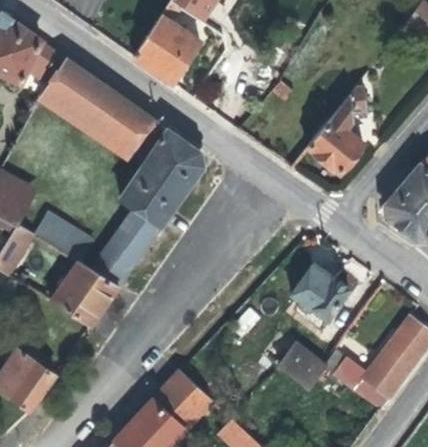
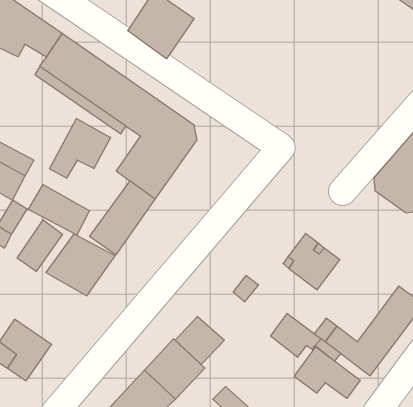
building: [308,69,378,171] -> none
building: none -> [50,119,111,178]
building: none -> [17,220,63,272]
building: none -> [175,316,224,365]
building: none -> [294,347,360,398]

